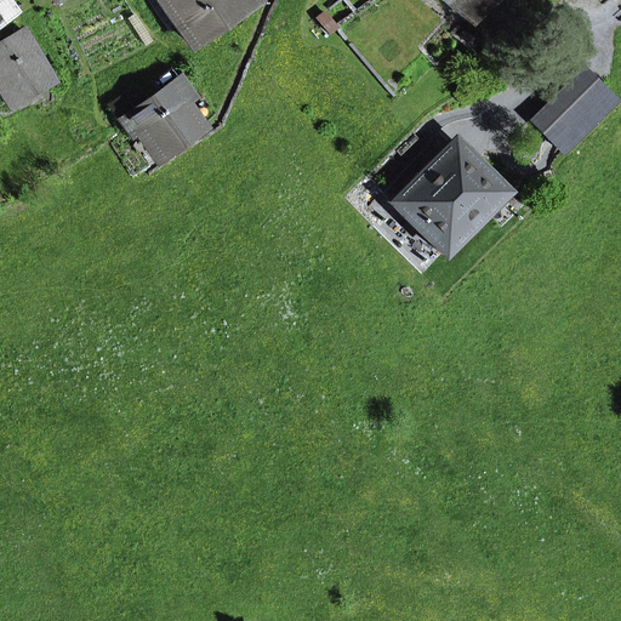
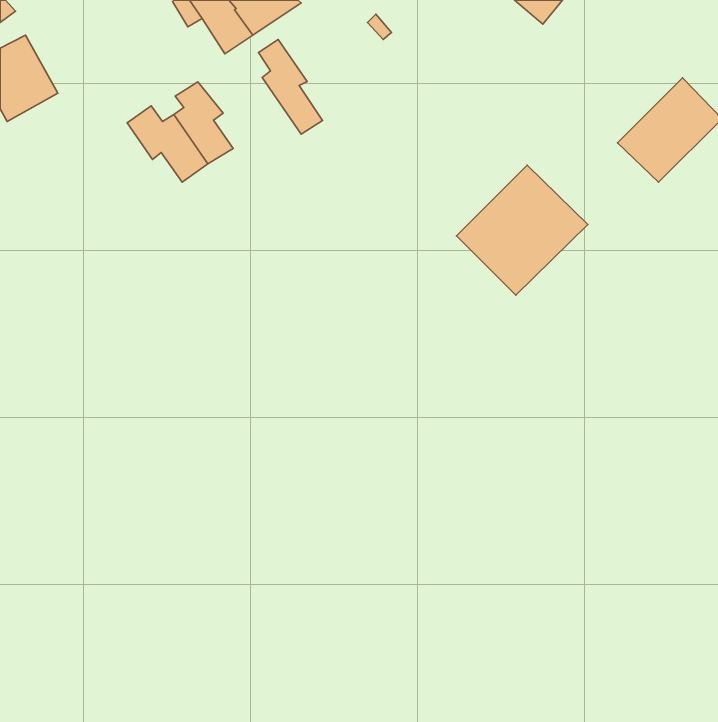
building: none -> [258,39,322,134]

